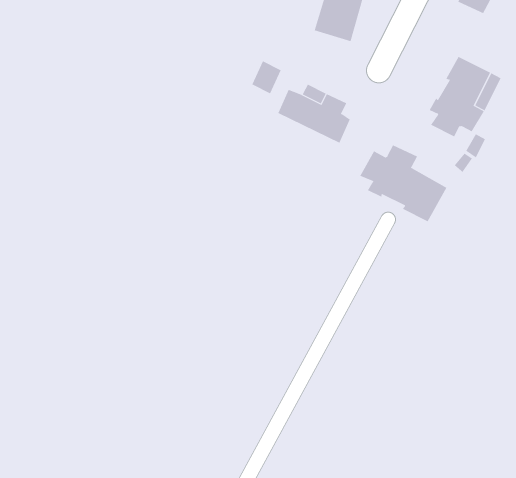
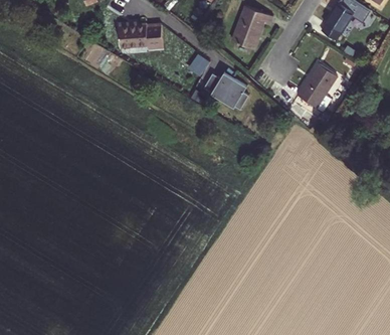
building: none -> [119,24,163,49]
building: [359,145,447,222] -> none

